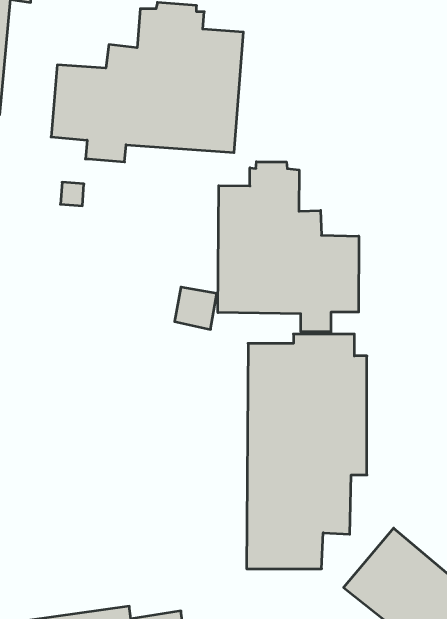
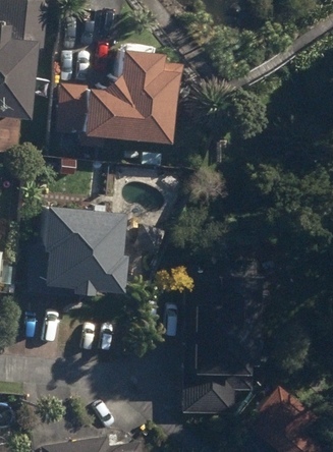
building: [218,162,359,332] -> none
building: none -> [33,206,127,300]

